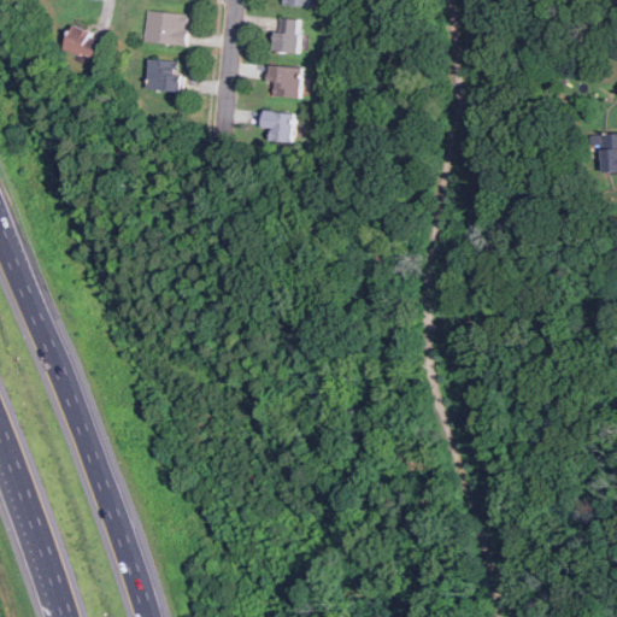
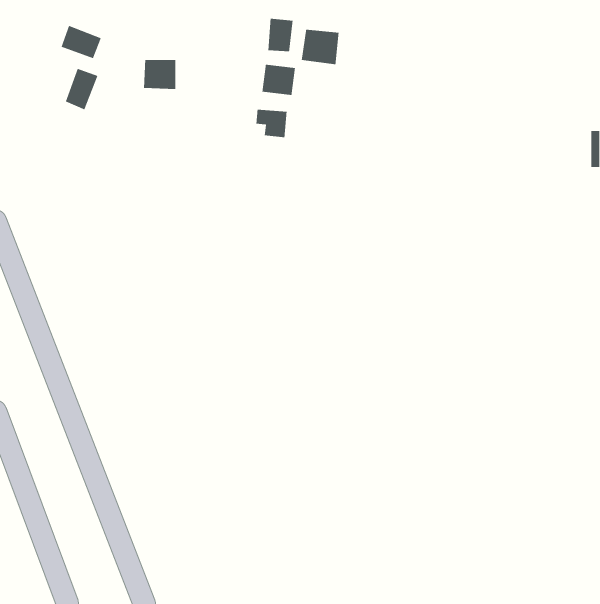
building: [143,12,186,45] -> none
building: none -> [301,29,339,65]
building: none -> [65,68,99,110]

